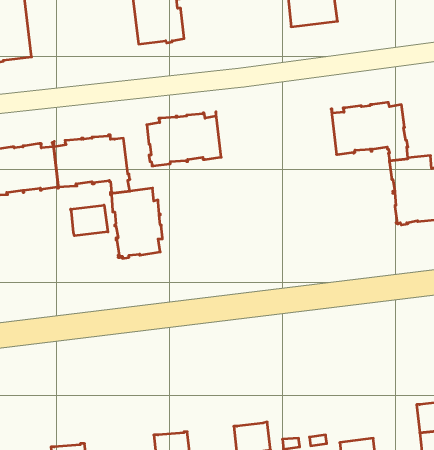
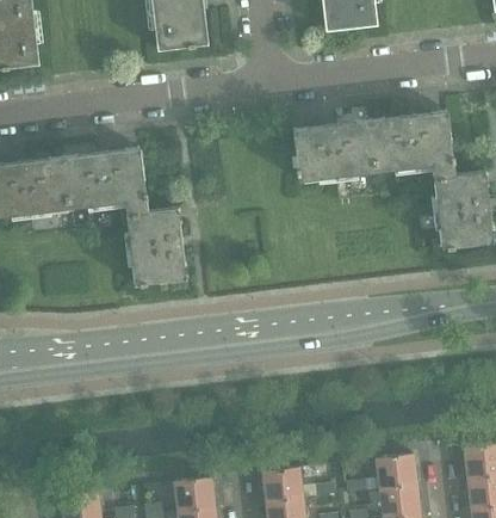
building: [147,112,221,166] -> [293,121,376,180]
building: [71,205,108,236] -> none
building: none -> [376,452,416,488]

